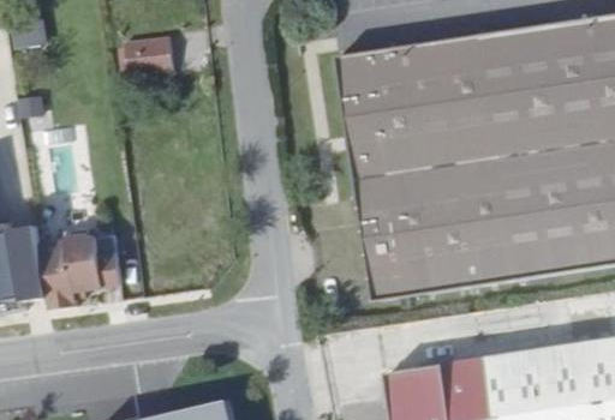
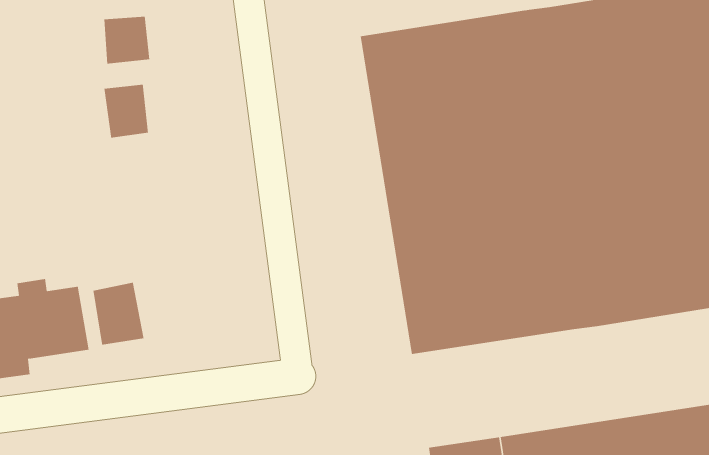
building: none -> [104,84,149,139]
building: none -> [93,282,144,346]

